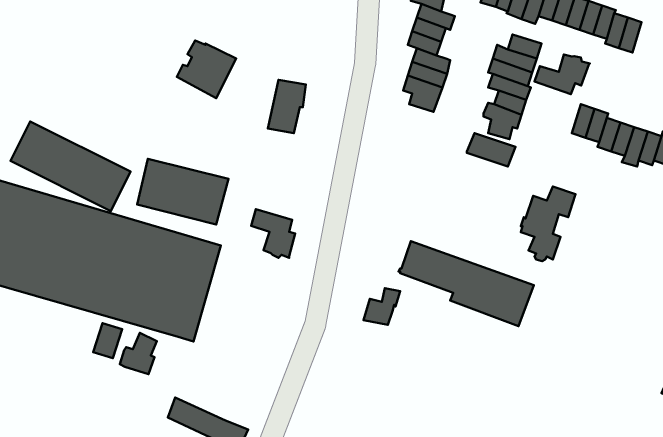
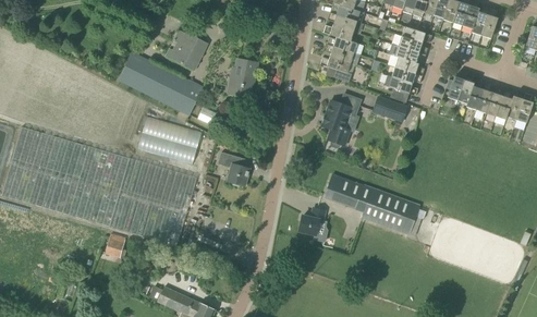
building: [534,55,590,94] -> none
building: [11,121,131,211] -> [118,51,204,115]
building: [521,187,576,261] -> [321,94,361,147]
building: [120,333,157,374] -> none

